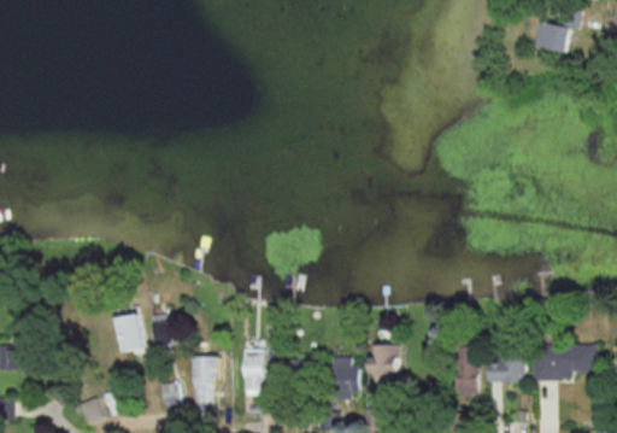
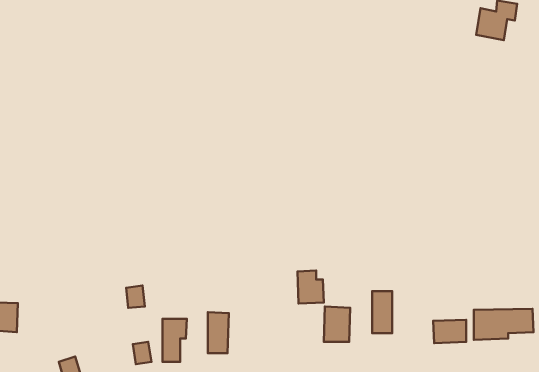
building: [118,315,147,355] -> none
building: [456,350,477,396] -> [372,291,392,333]
building: [330,357,359,393] -> [297,271,324,304]

